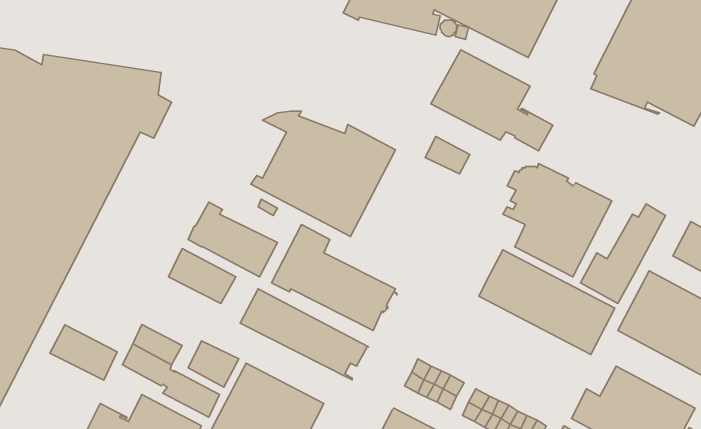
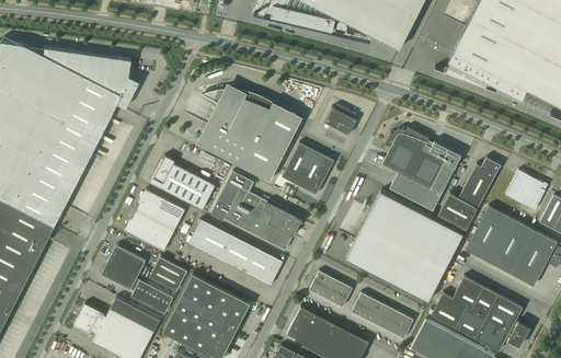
building: [431,50,553,151] -> none
building: none -> [282,142,334,195]
building: none -> [346,224,446,301]
building: [50,325,117,380] -> [125,210,174,251]

